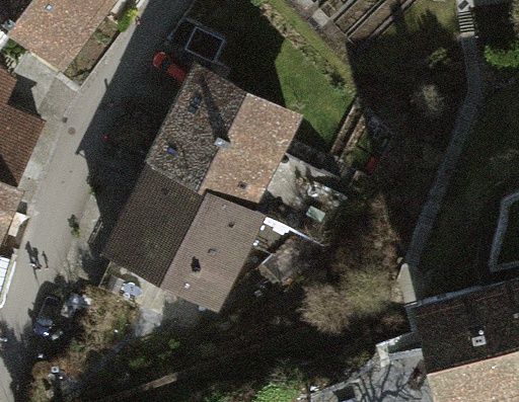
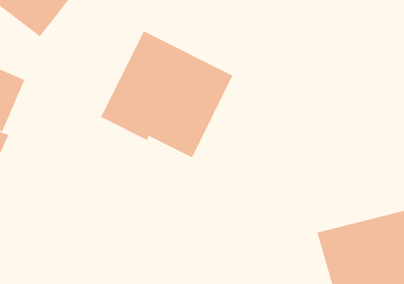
building: [99,168,264,315] -> none

